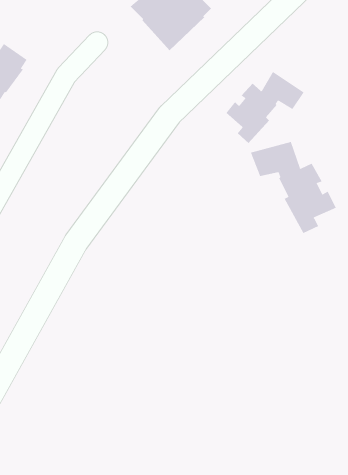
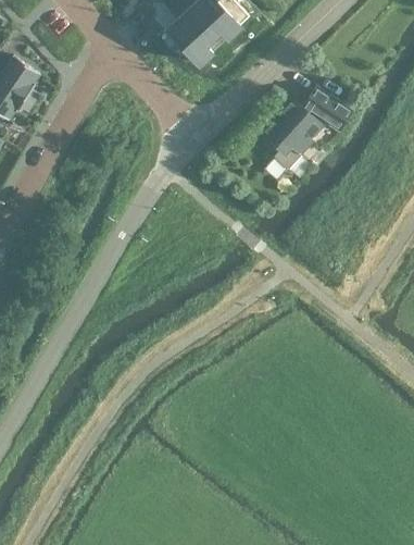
building: [250,141,336,234] -> none

